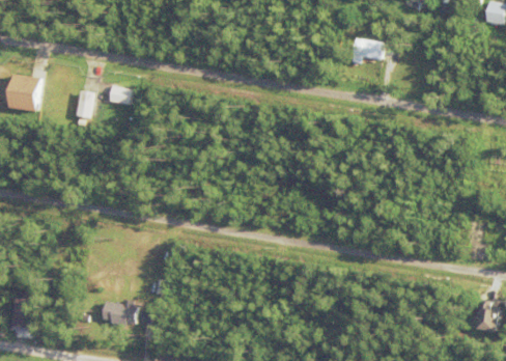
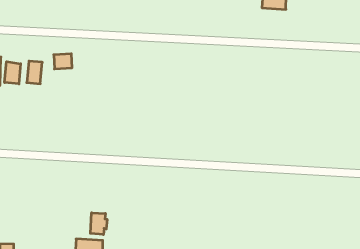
building: none -> [5,62,21,84]
building: none -> [90,213,107,235]

